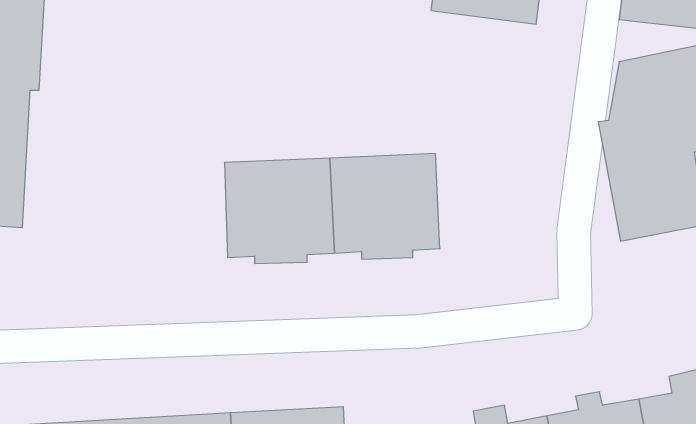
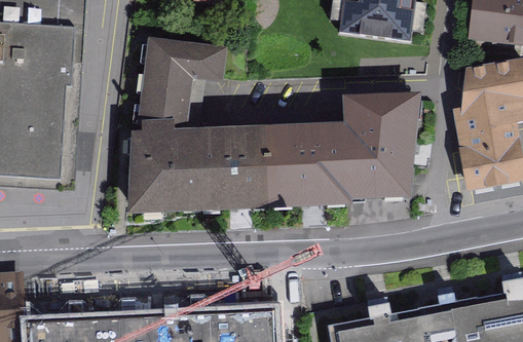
building: none -> [133,44,221,210]
building: none -> [341,101,413,195]

